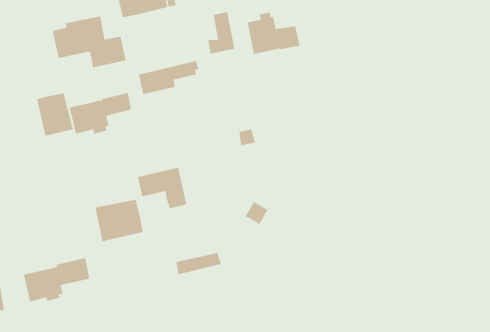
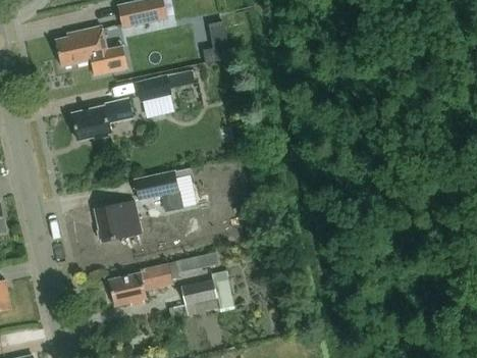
building: [247,12,300,55] -> none
building: [37,92,73,137] -> none
building: [23,257,90,302] -> [108,263,172,306]
building: none -> [169,270,233,318]

